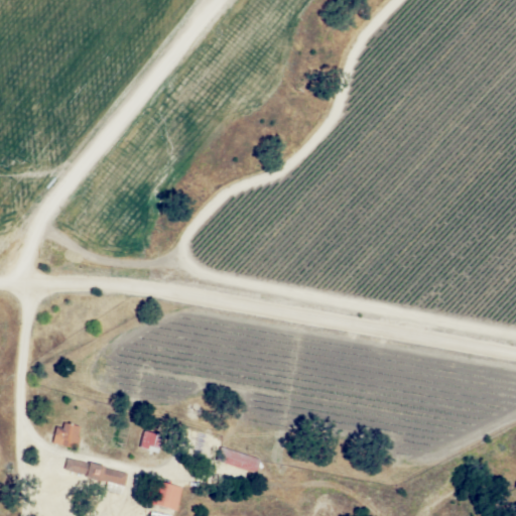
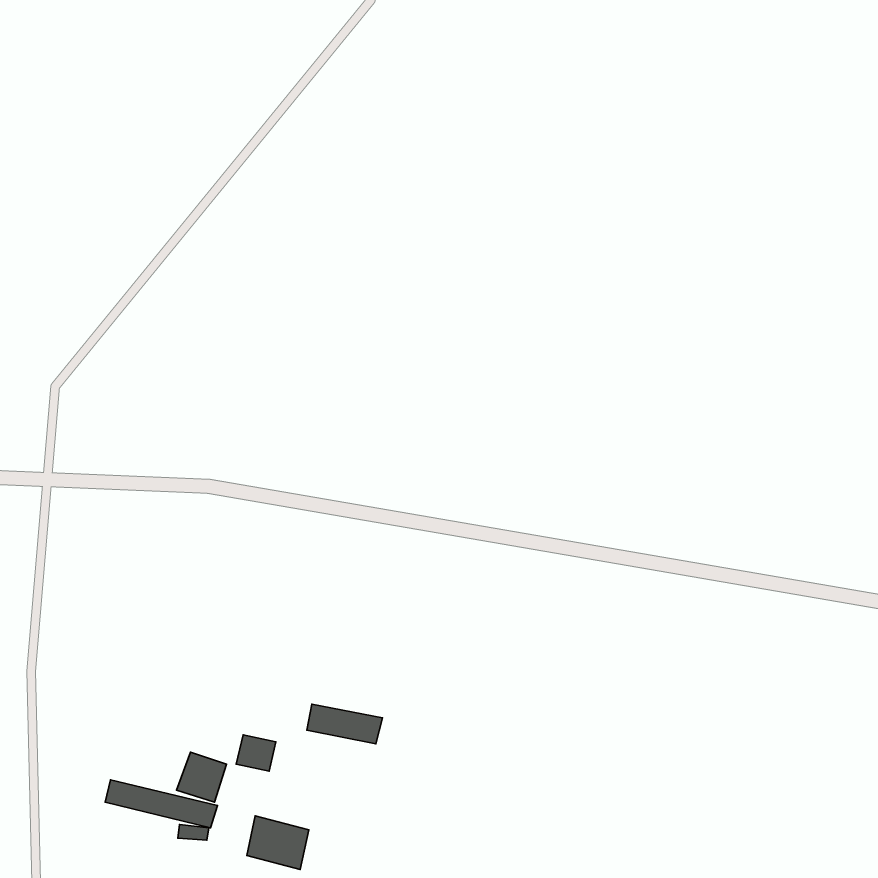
building: [53,420,83,449] -> [177,752,227,802]
building: [217,448,261,472] -> [307,704,383,744]

